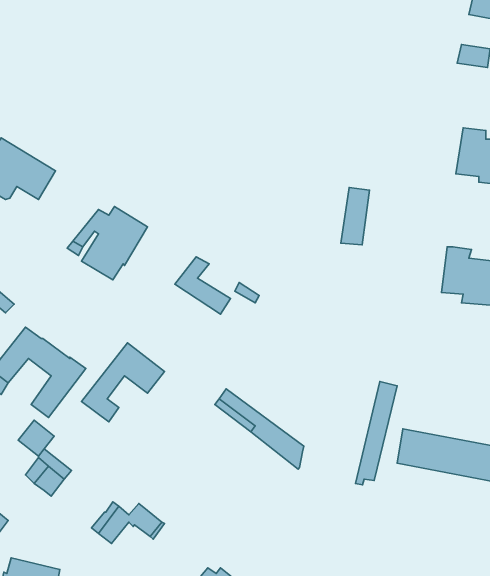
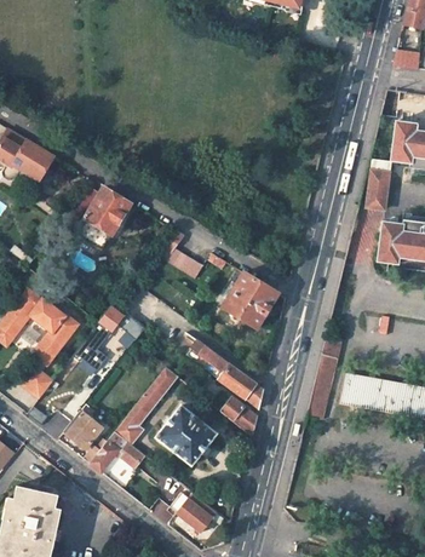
building: [341,187,369,245] -> [367,160,391,208]
building: none -> [222,274,277,328]
building: none -> [115,367,177,444]
building: none -> [220,397,257,437]
building: none -> [157,408,213,464]
building: none -> [64,410,102,449]

